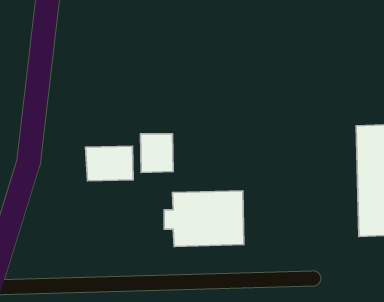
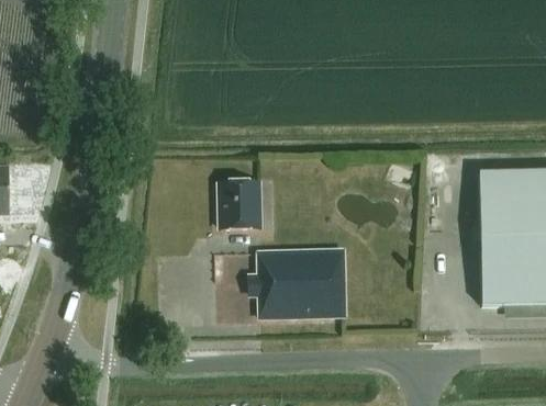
building: [86,146,133,181] -> none

